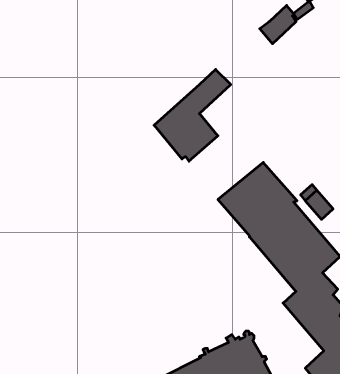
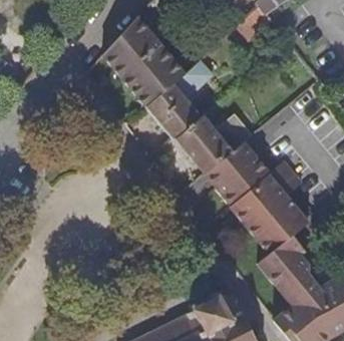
building: none -> [105,18,187,109]
building: none -> [178,113,251,174]

